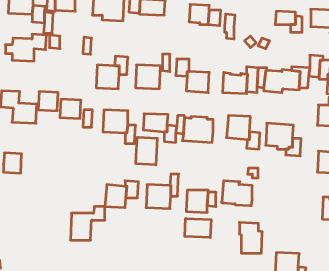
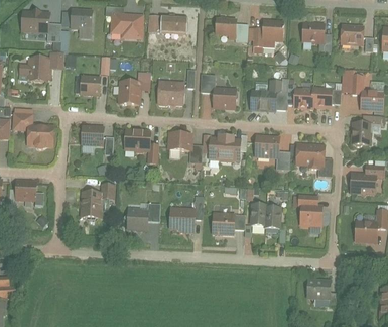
building: none -> [261,20,282,42]
building: [38,92,58,111] -> [82,71,103,91]
building: [136,137,157,165] -> none
building: [70,207,105,240] -> [81,178,117,213]
building: [185,218,211,238] -> none
building: [239,222,262,253] -> [296,196,320,228]

